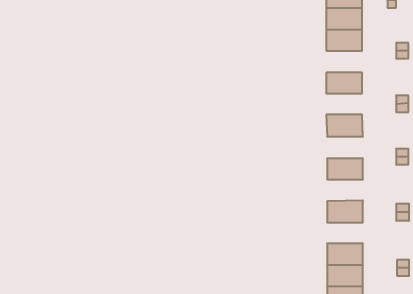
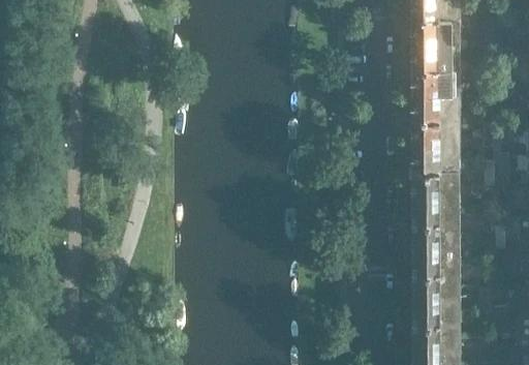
building: none -> [421,67,463,93]
building: none -> [421,118,463,143]
building: none -> [422,169,464,194]
building: none -> [422,219,464,245]
building: none -> [422,270,464,295]

